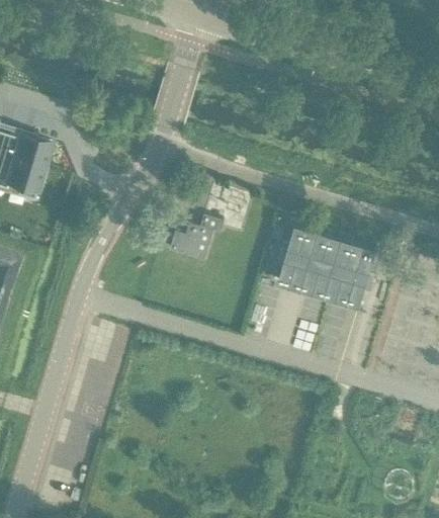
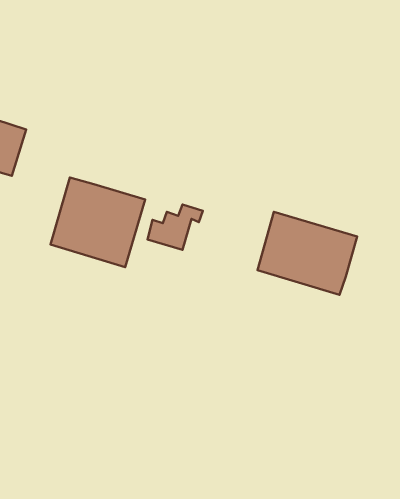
building: none -> [50,178,145,267]

